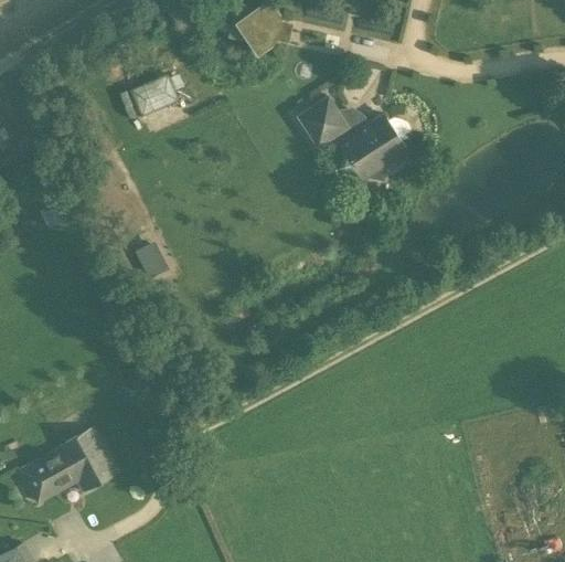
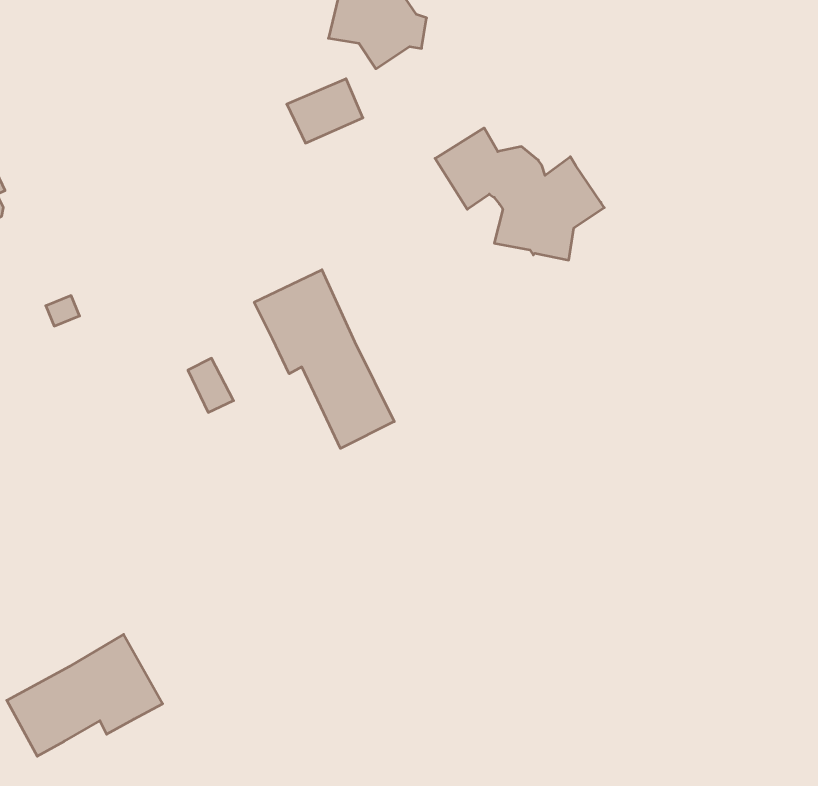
building: [127,75,177,117] -> [287,79,363,143]
building: none -> [254,270,394,448]

